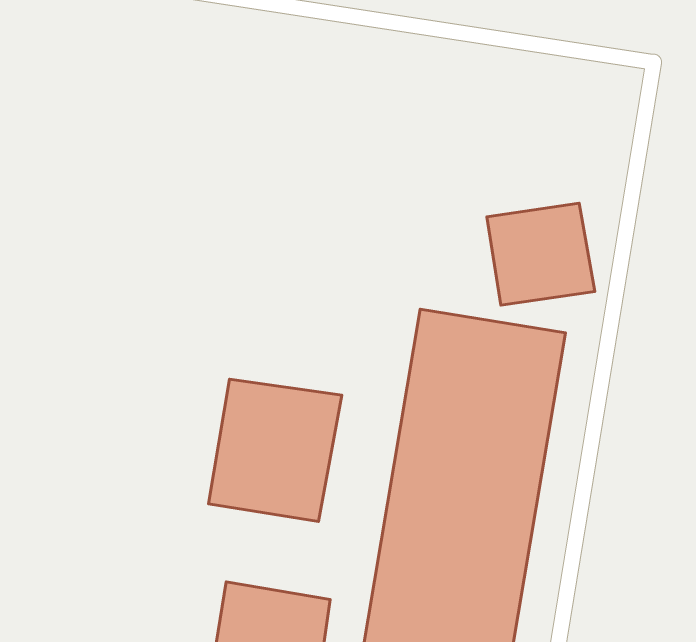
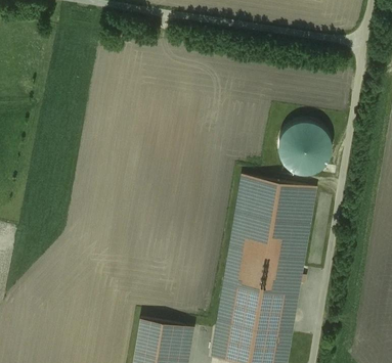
building: [208,379,342,521] -> none

